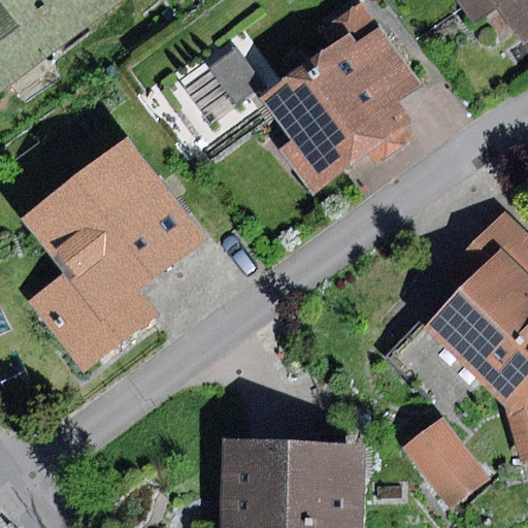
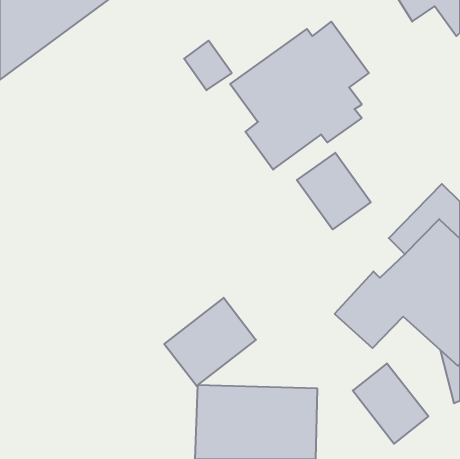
building: [23,140,203,372] -> none
building: none -> [297,153,371,229]
building: none -> [164,298,256,386]

